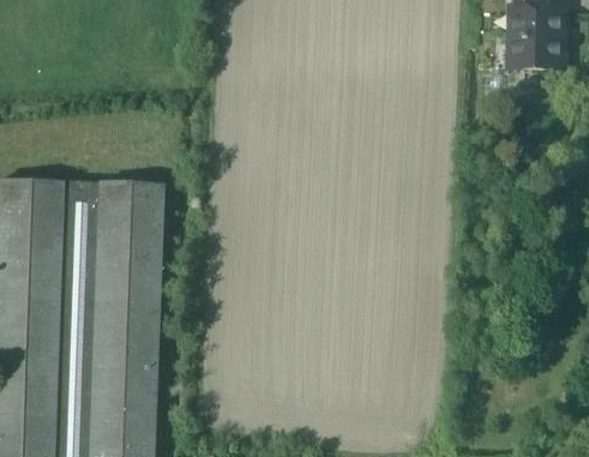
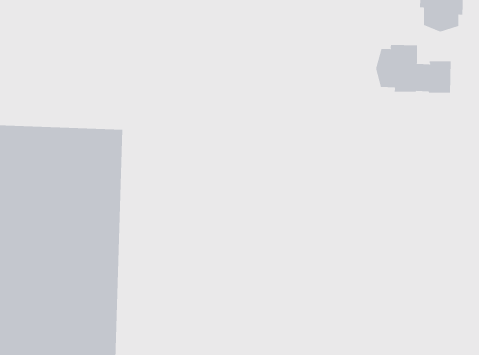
building: none -> [376,44,451,93]

